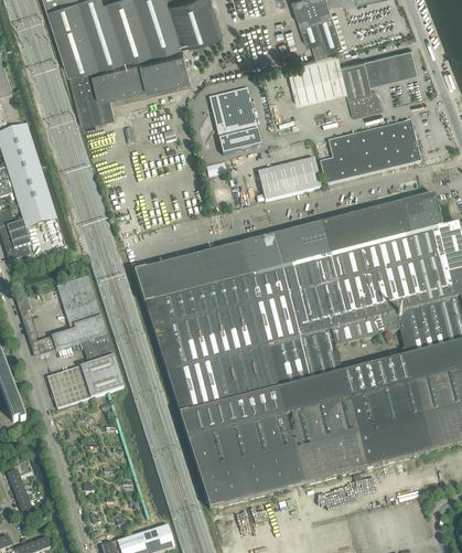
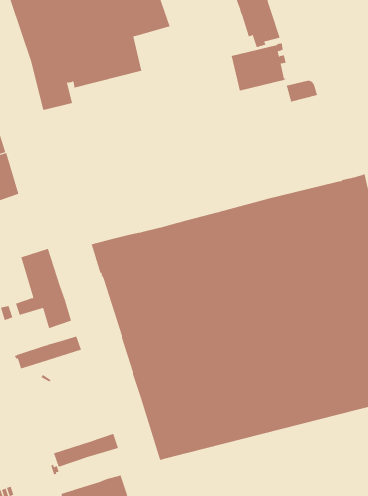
building: [342,46,416,95] -> none
building: [215,85,258,152] -> none
building: [319,118,419,182] -> none
building: [257,155,320,199] -> none
building: [46,353,118,391] -> [53,433,119,467]

